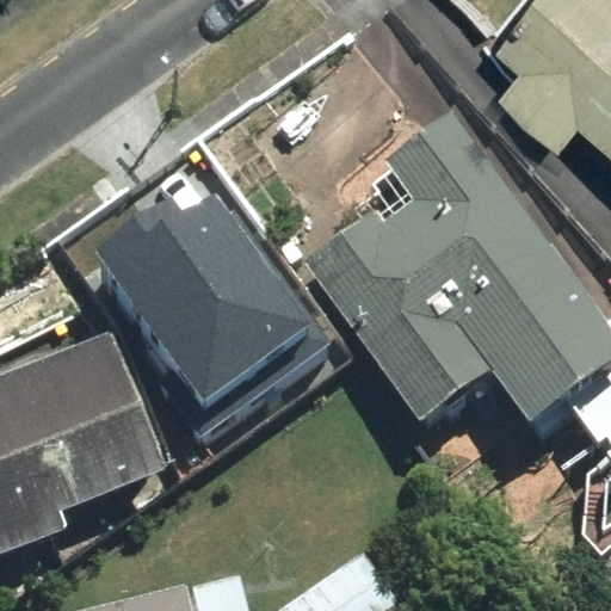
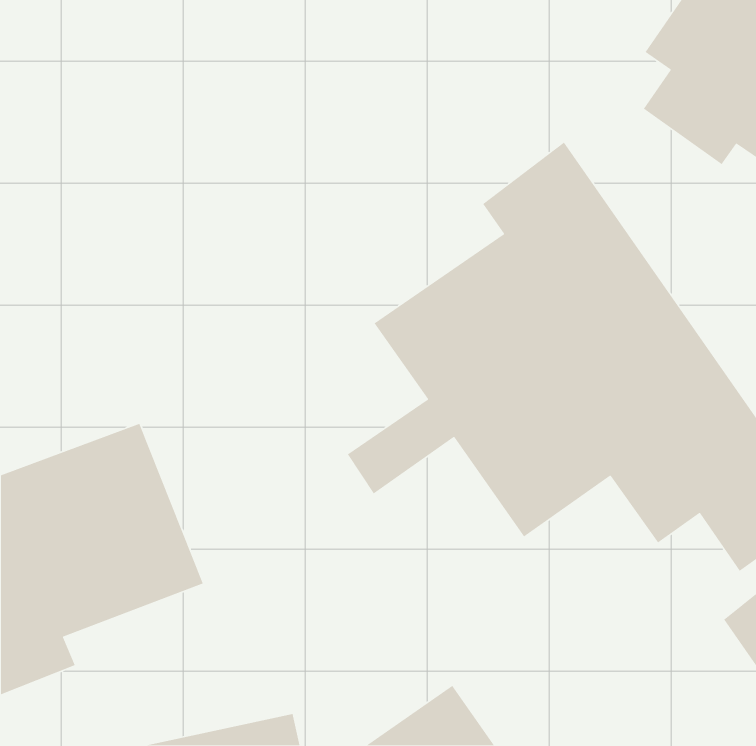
building: [67,144,310,384] -> none

